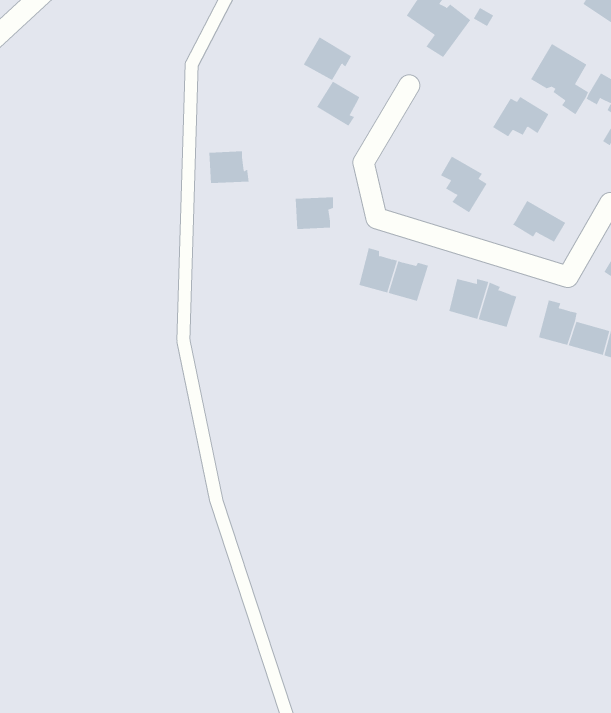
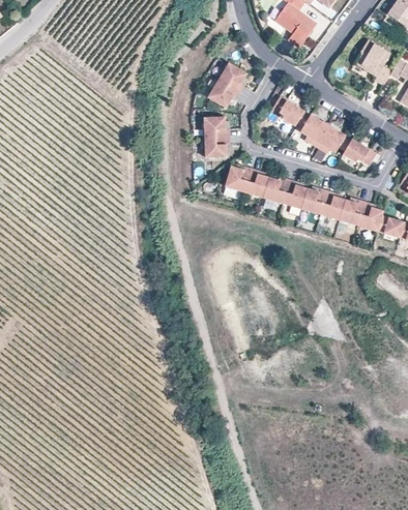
building: [303,37,352,81] -> [207,79,238,107]
building: [492,96,549,137] -> [315,126,351,152]
building: none -> [272,95,303,125]
building: [209,151,250,184] -> [203,116,229,137]
building: none -> [225,164,251,191]
building: none -> [282,179,307,208]
building: none -> [339,199,365,224]

